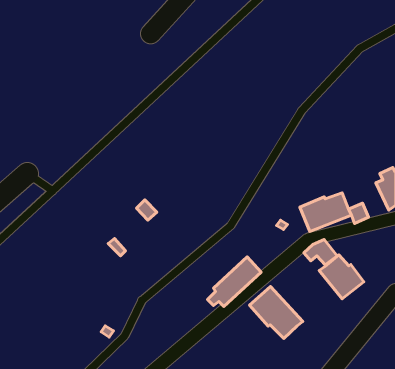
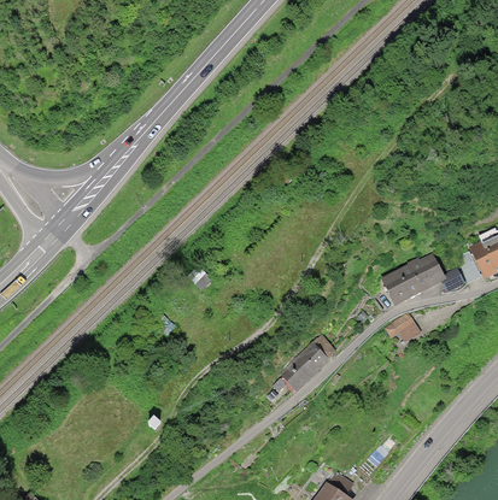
building: [319,255,364,299] -> none
building: [249,286,303,339] -> none

